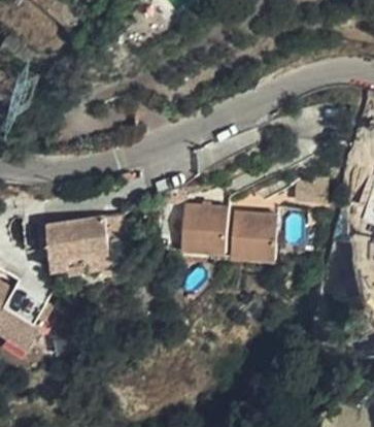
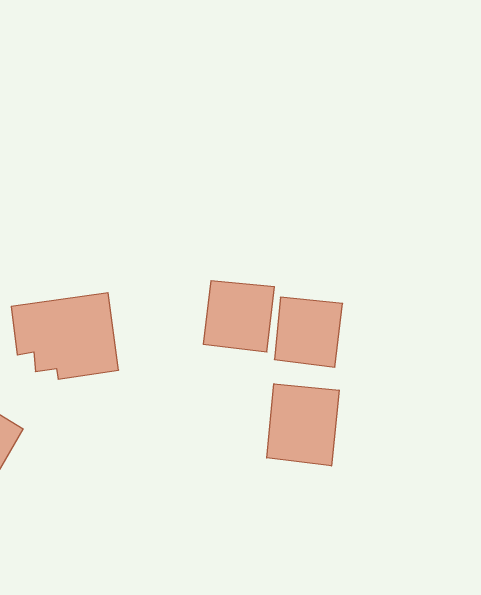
building: none -> [267,384,339,466]

